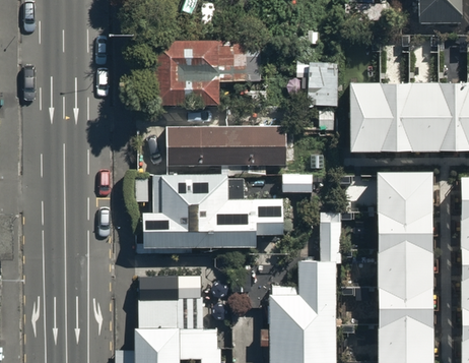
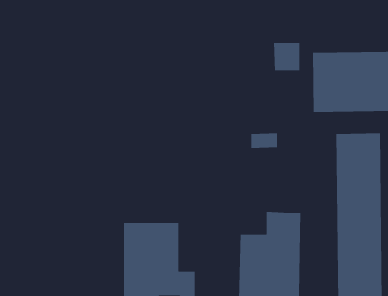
building: [150,43,261,104] -> none
building: [171,131,284,165] -> none
building: [145,174,284,249] -> none

